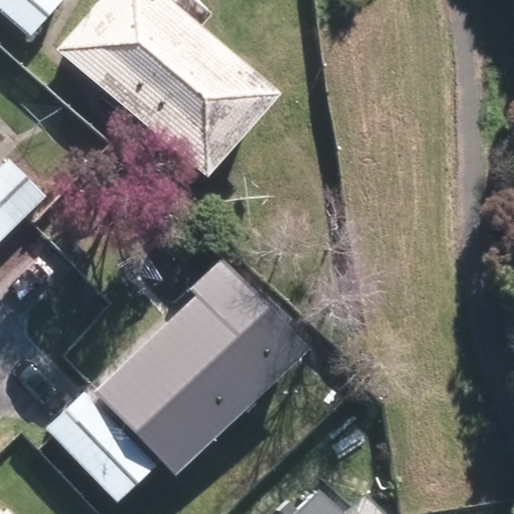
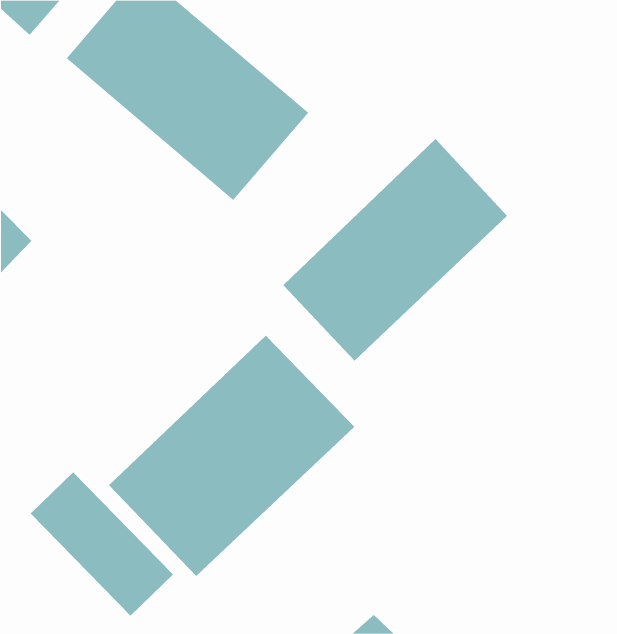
building: none -> [282,138,508,362]

